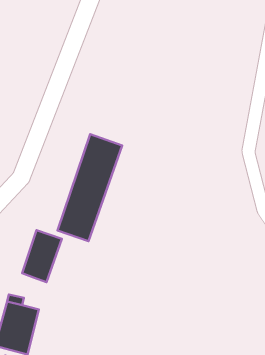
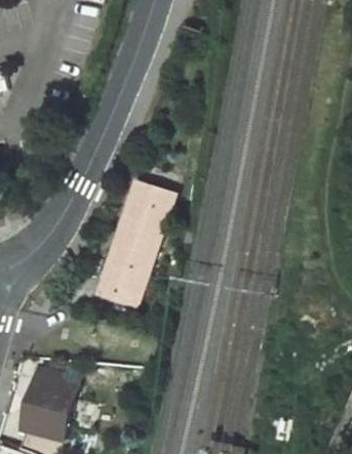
building: [22,230,62,282] -> none

